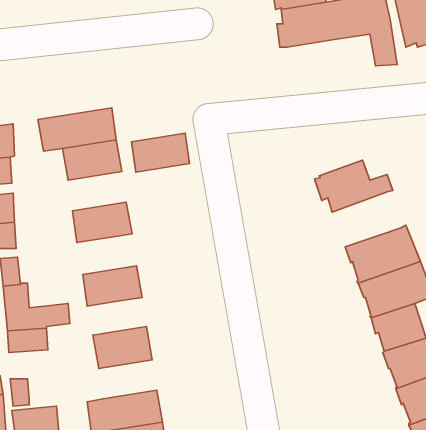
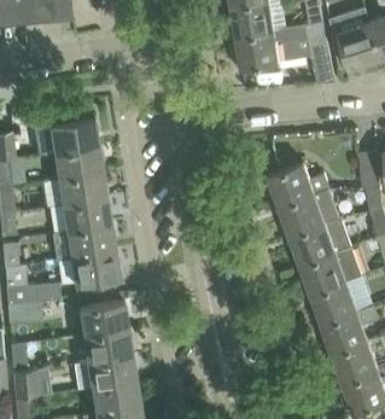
building: [132,133,190,172] -> [59,173,107,205]
building: none -> [279,190,336,235]
building: none -> [66,225,116,258]
building: none -> [84,330,133,362]

